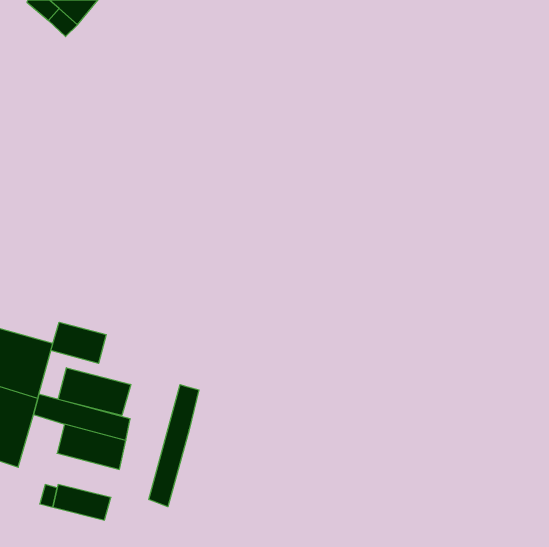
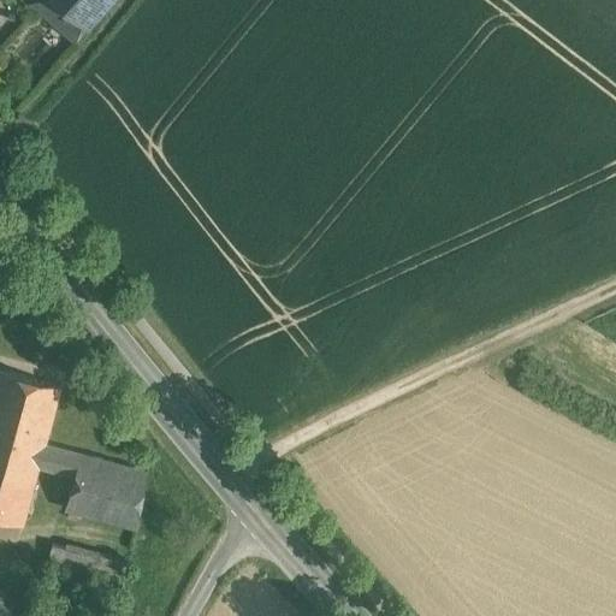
building: [51,322,106,363] -> none
building: [58,368,131,415] -> none
building: [149,385,199,507] -> none

